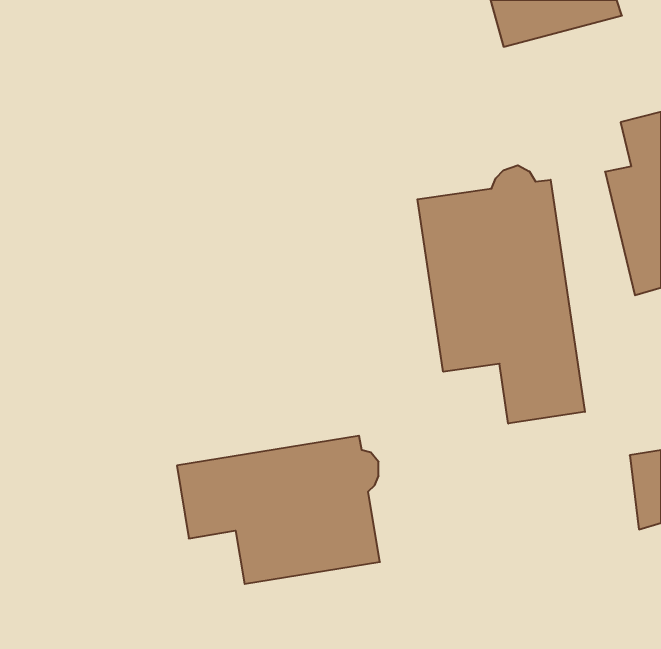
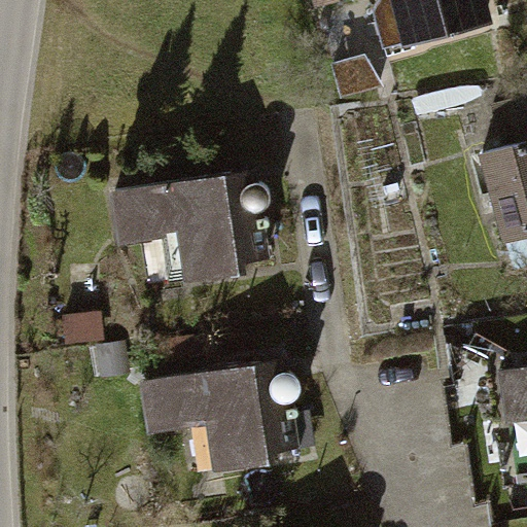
building: [417,165,585,424] -> none
building: none -> [107,172,272,281]

